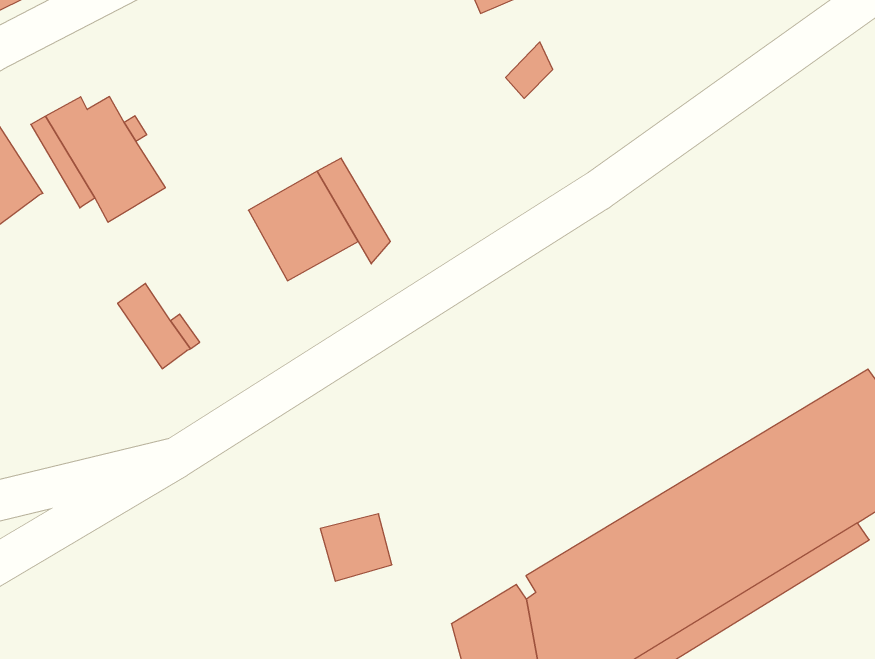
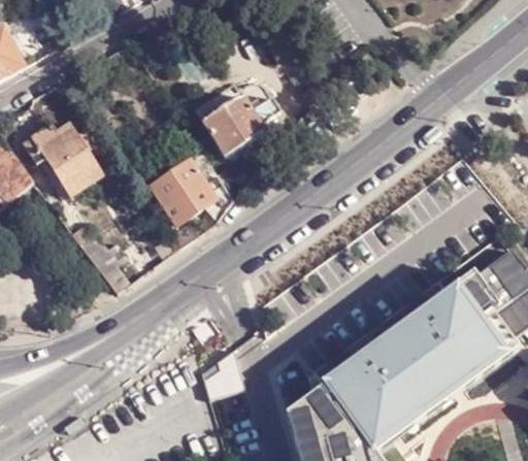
building: none -> [200,92,278,153]

